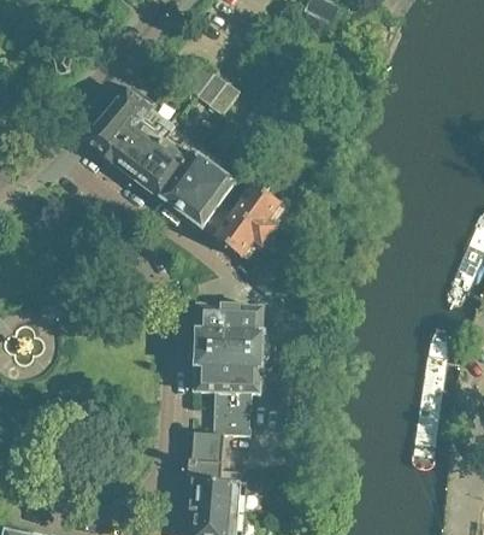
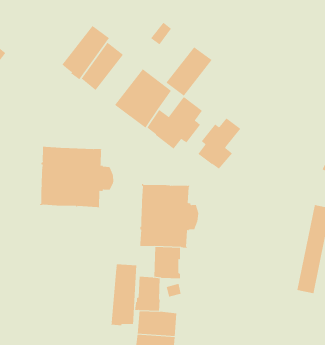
building: [132,128,196,196] -> [166,47,212,97]
building: none -> [198,117,241,170]
building: none -> [40,146,114,208]
building: none -> [111,264,137,326]

